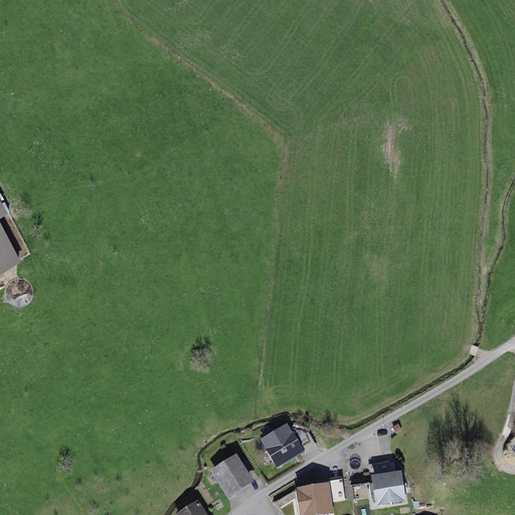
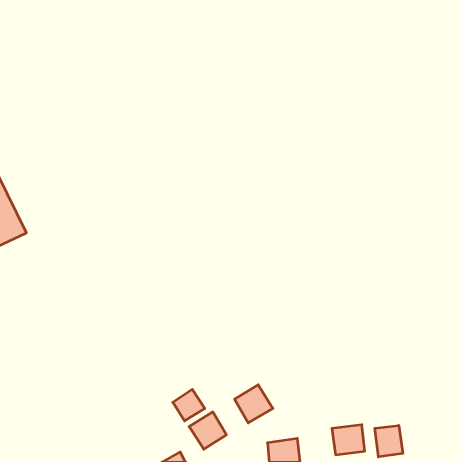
building: none -> [173,389,205,421]
building: none -> [375,425,403,457]

